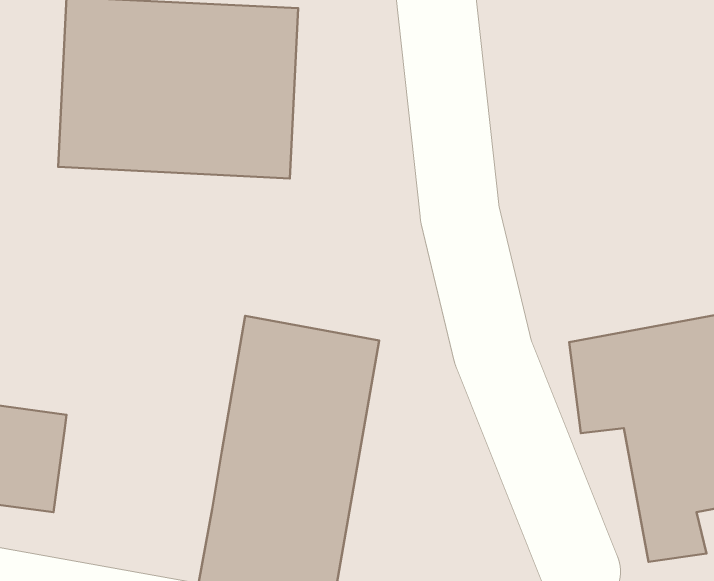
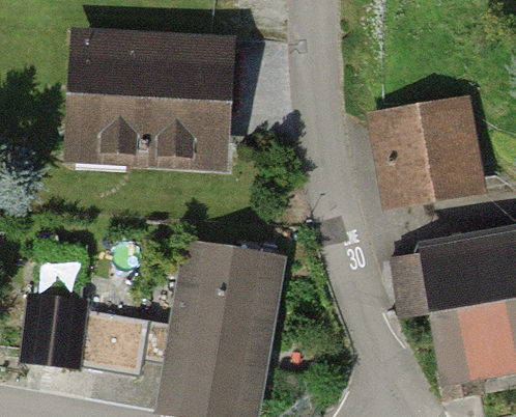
building: none -> [381,108,477,196]
building: none -> [75,312,180,374]

